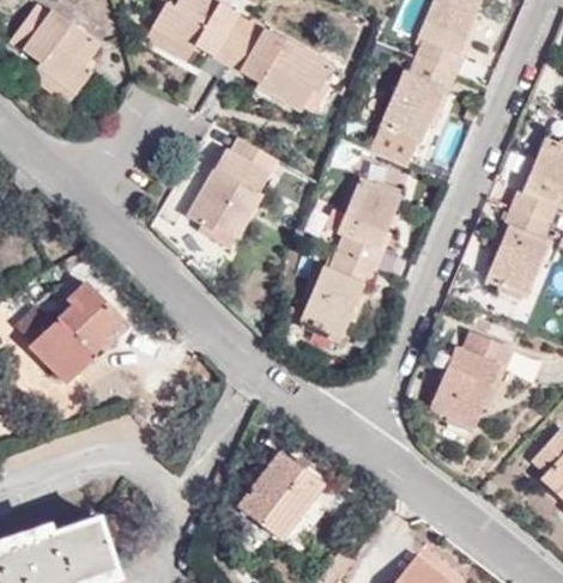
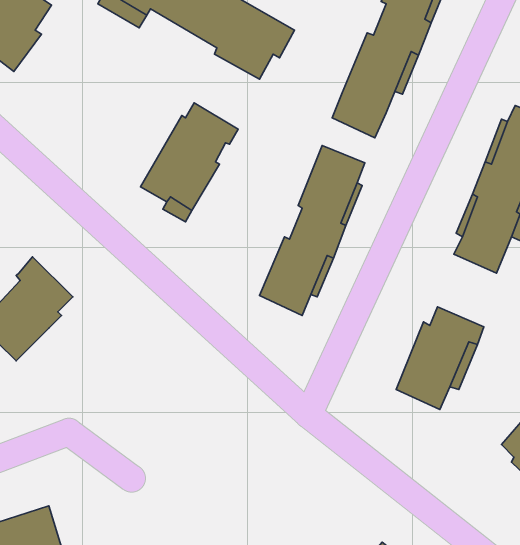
building: [237,451,323,540] -> none

